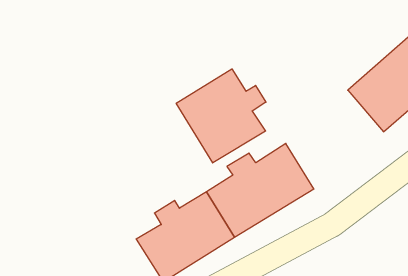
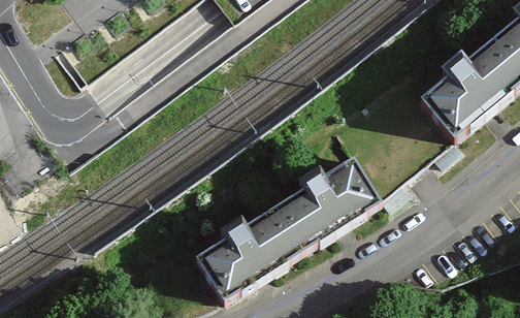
building: [176,69,266,163] -> none

